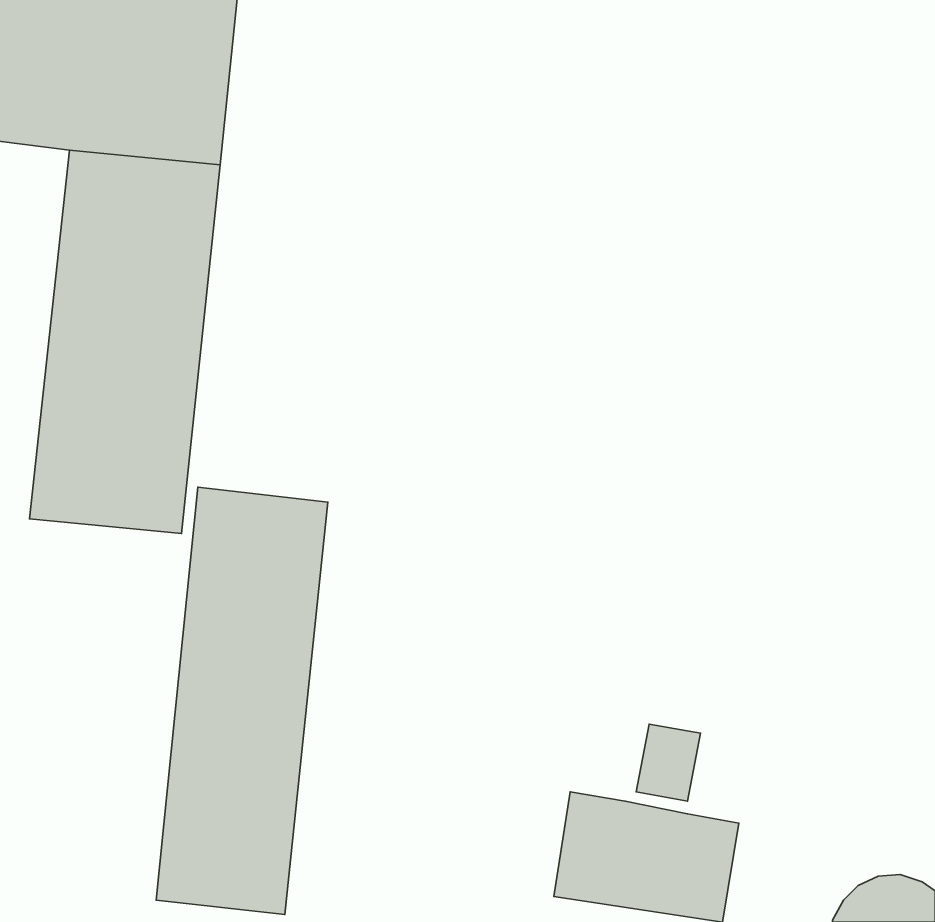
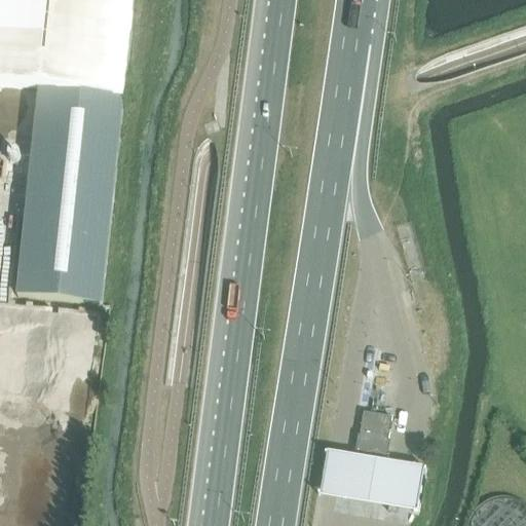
building: [156,487,328,915] -> none

